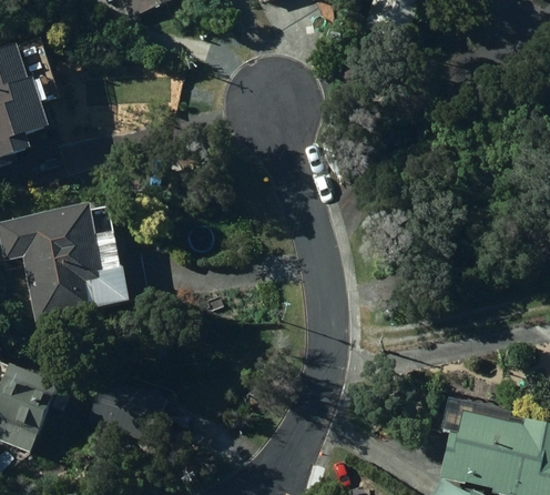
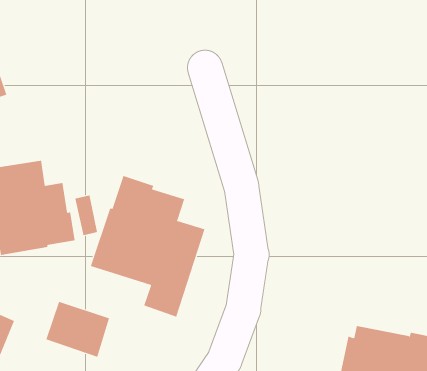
building: none -> [90,175,205,317]

